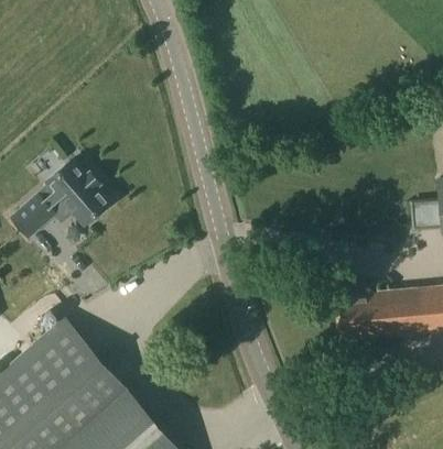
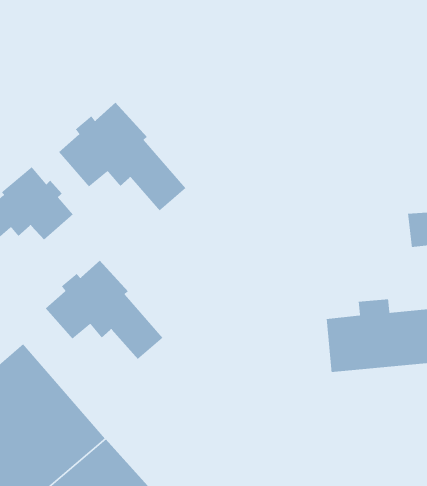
building: none -> [58,102,187,211]
building: none -> [45,260,164,360]

